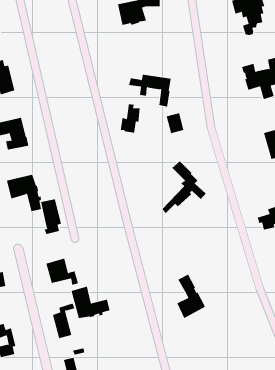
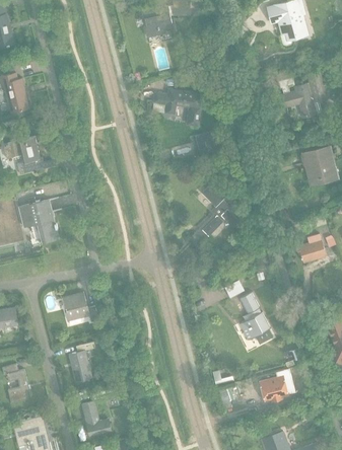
building: [120,104,140,133] -> none
building: [41,199,62,235] -> none
building: [177,274,206,319] -> [238,291,271,341]
building: [71,286,110,319] -> none
building: none -> [259,369,292,401]

